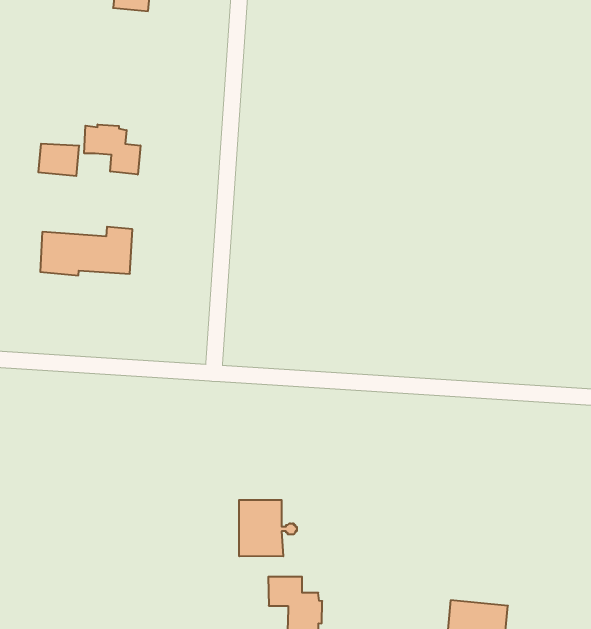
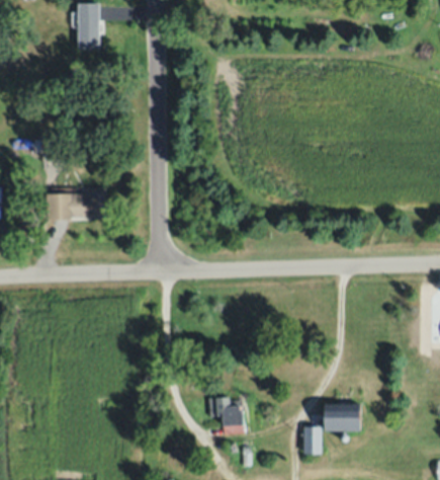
building: [84,124,140,175] -> none
building: [239,500,297,556] -> none

